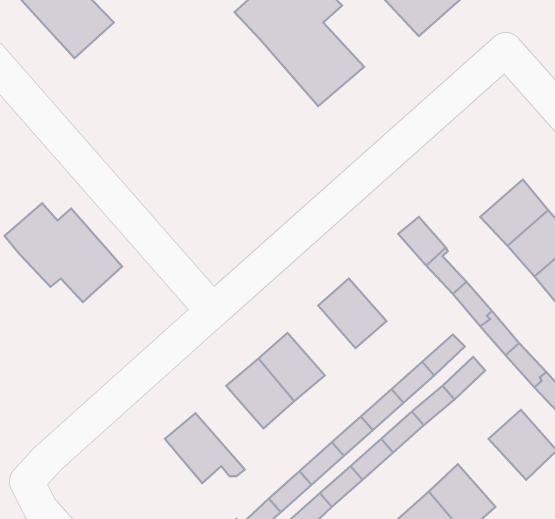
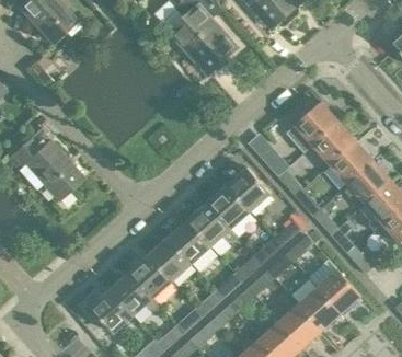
building: none -> [286,101,338,152]
building: none -> [227,166,271,211]
building: none -> [187,201,239,246]
building: none -> [128,253,172,298]
building: none -> [89,287,133,333]
building: none -> [297,287,341,331]

